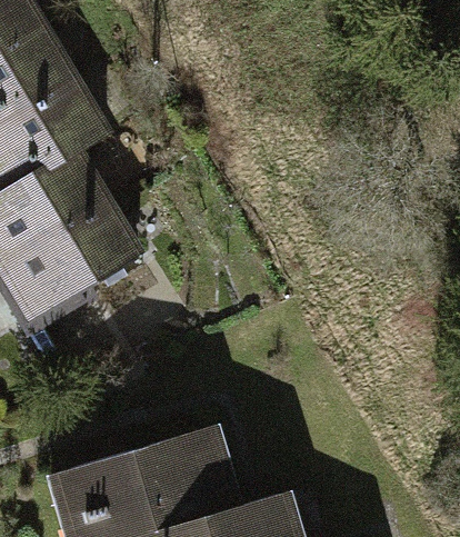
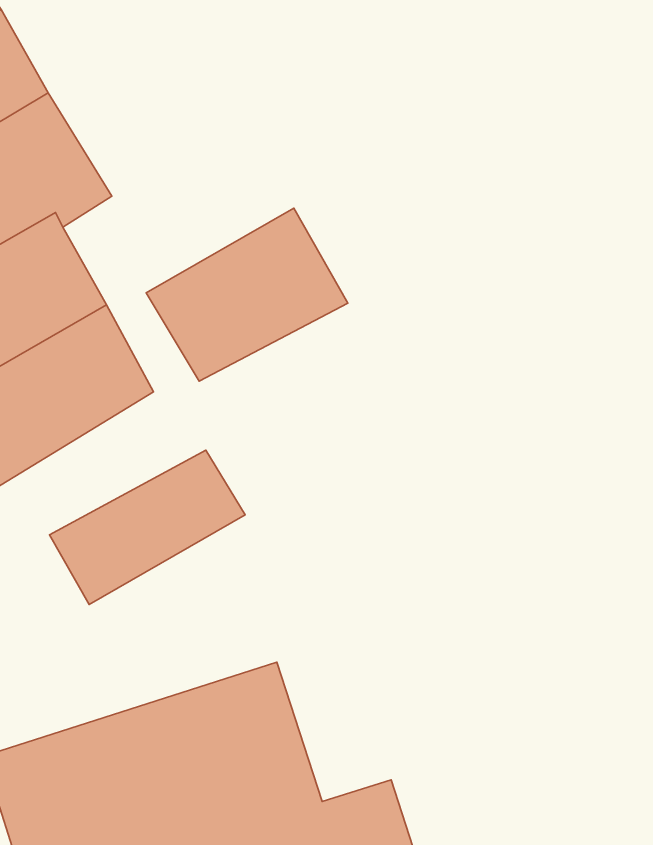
building: none -> [146,208,348,381]
building: none -> [49,450,245,604]

